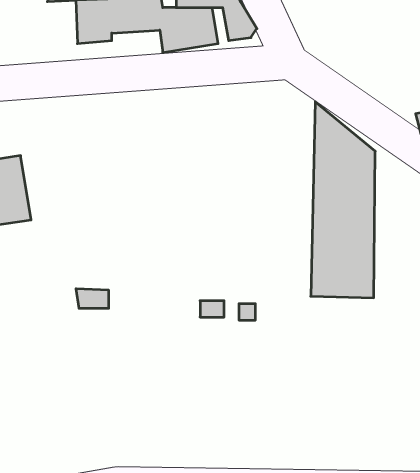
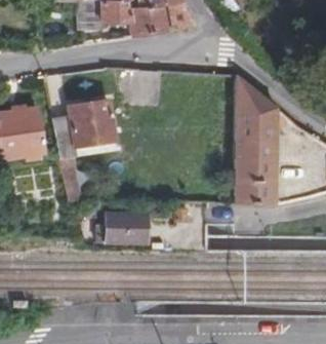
building: none -> [54,97,121,159]
building: none -> [104,215,153,242]

